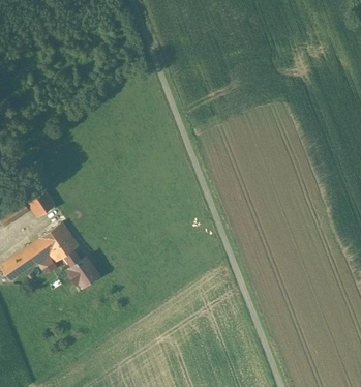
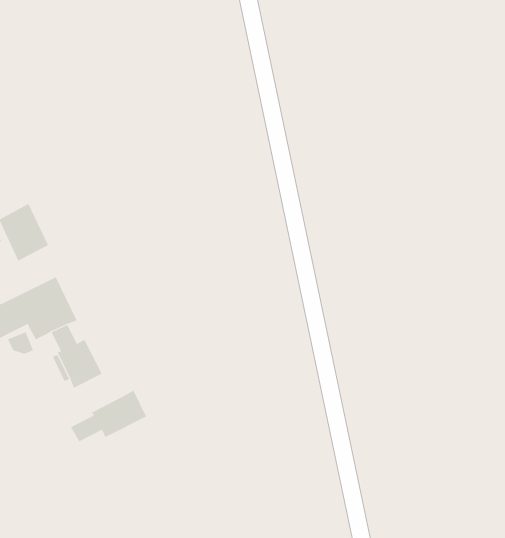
building: none -> [70,390,147,442]

